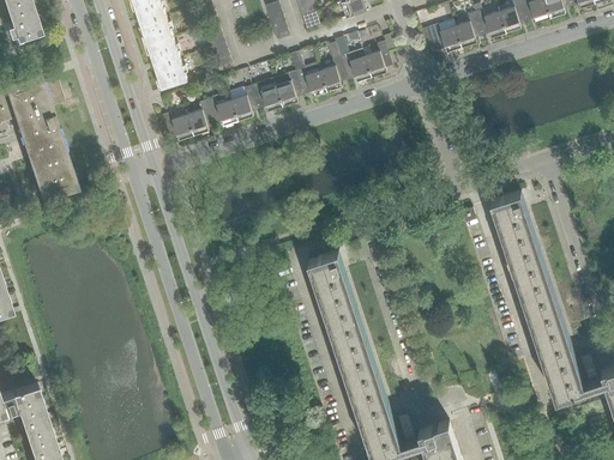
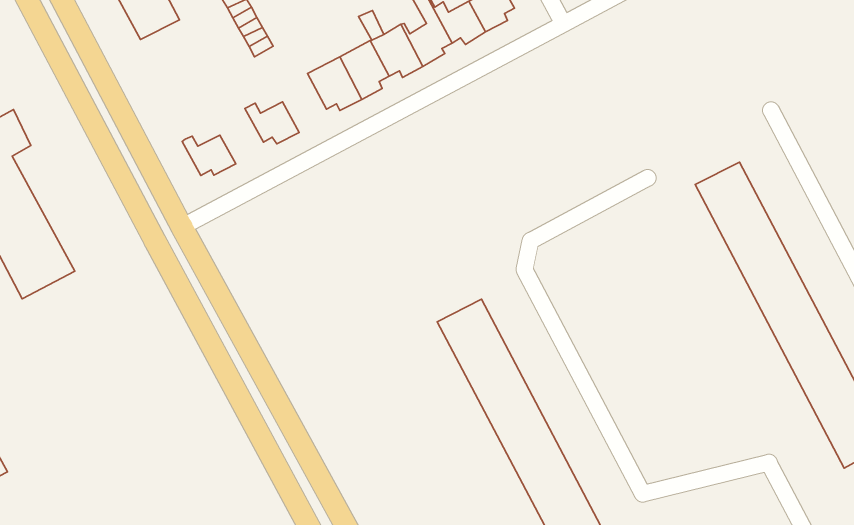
building: [145,34,187,86] -> none
building: [230,83,258,120] -> none
building: [186,98,213,133] -> none

